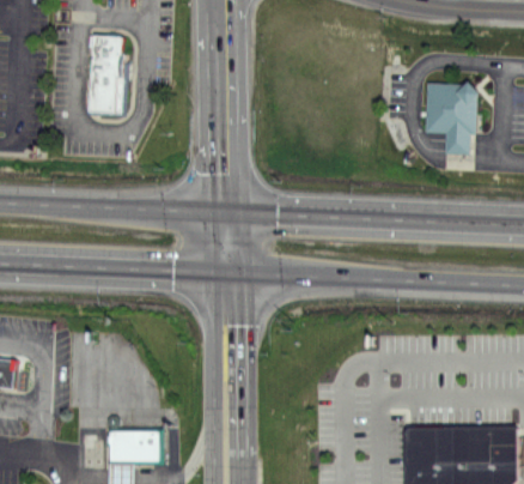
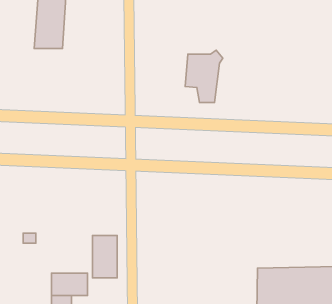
building: [425,79,479,155] -> [185,50,223,102]
building: none -> [92,235,117,278]

